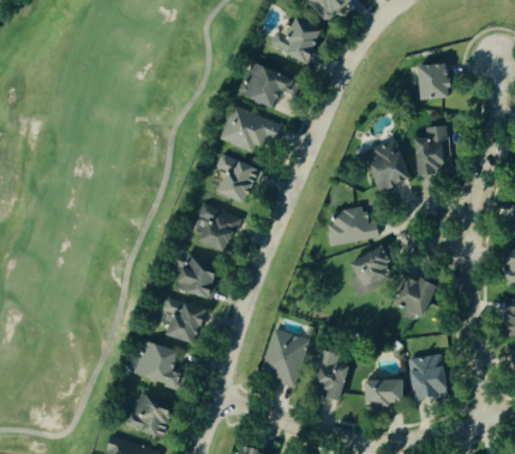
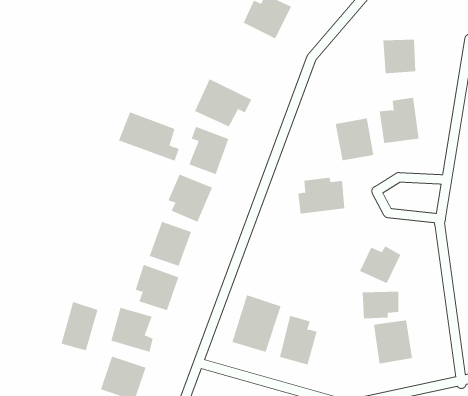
building: [241,62,295,107] -> none
building: none -> [118,111,179,162]
building: [347,250,391,295] -> none
building: none -> [61,301,98,351]
building: [364,380,402,408] -> [362,291,399,319]

